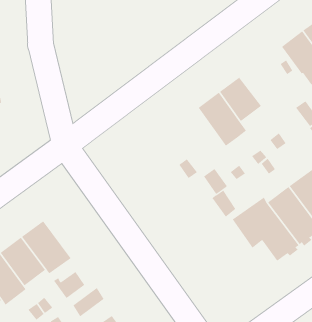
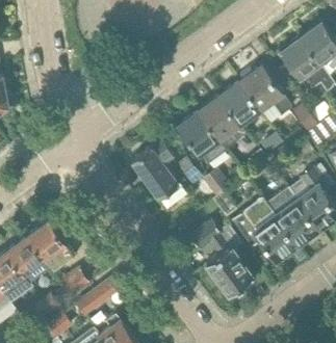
building: none -> [238,67,291,117]
building: none -> [177,113,227,166]
building: none -> [130,140,185,211]
building: none -> [188,221,252,296]

